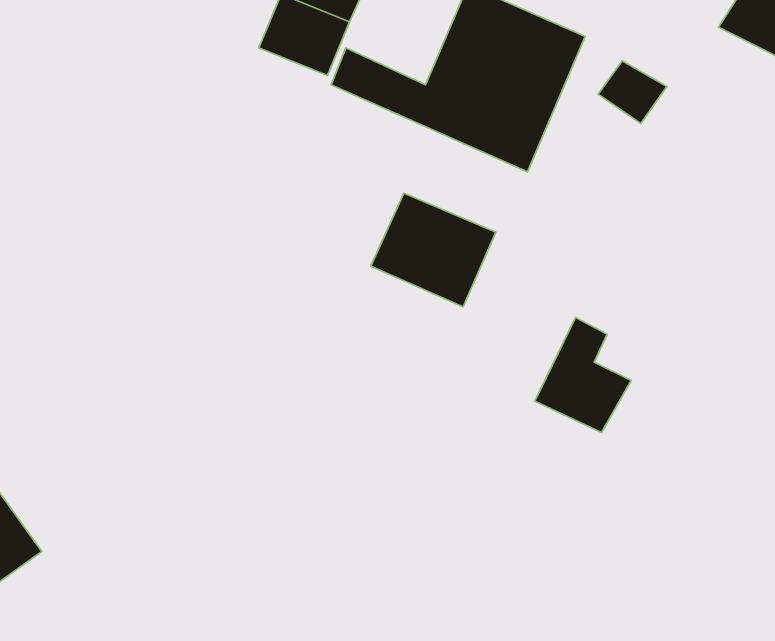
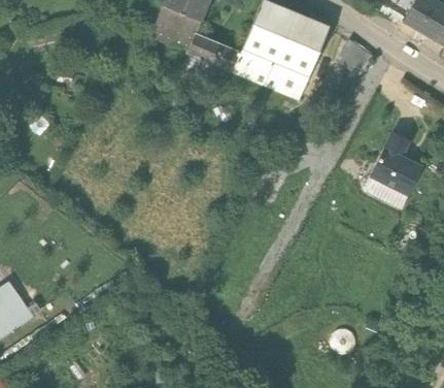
building: [371,193,496,307] -> none
building: [535,318,631,433] -> [373,135,426,199]

